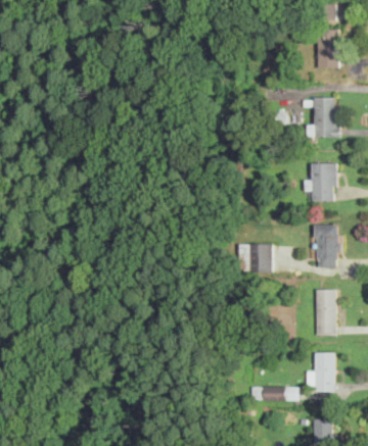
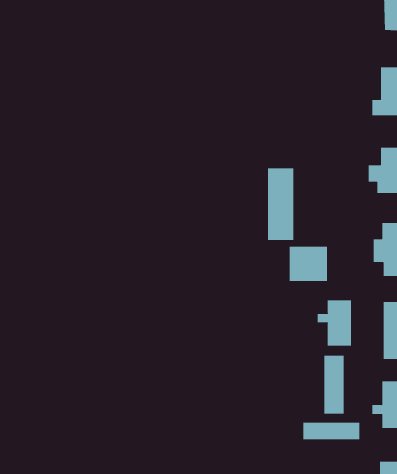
building: none -> [268,167,294,241]
building: none -> [317,300,351,347]
building: none -> [324,355,344,415]

